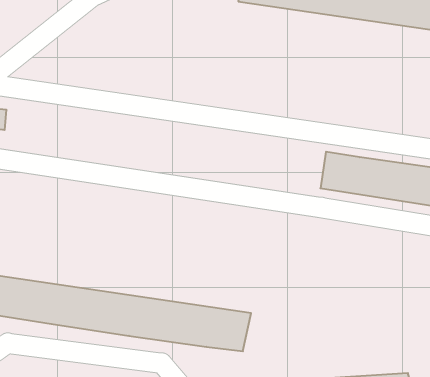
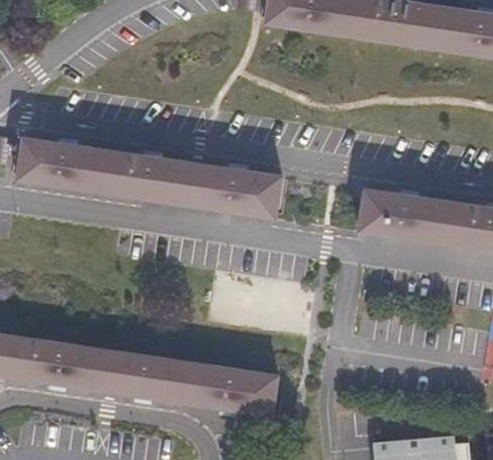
building: none -> [12,139,281,219]

